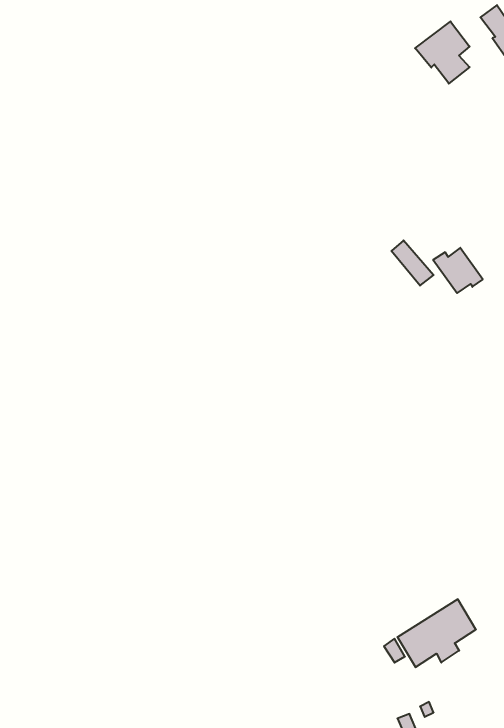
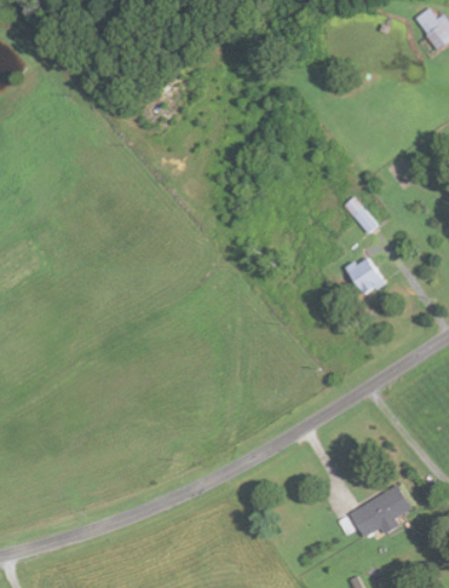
building: [415,21,470,84] -> none
building: [433,248,483,293] -> [344,258,384,294]

